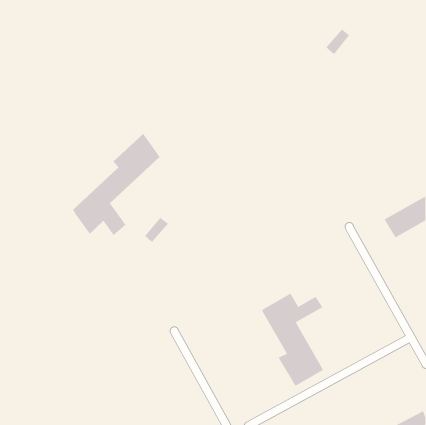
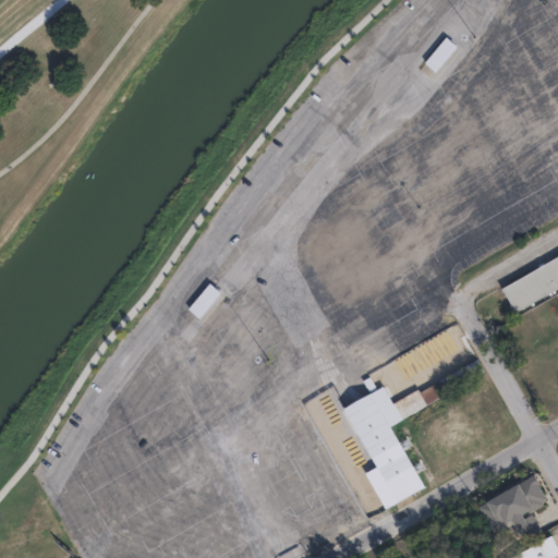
building: [72,133,161,236] -> none
building: none -> [482,476,549,541]

